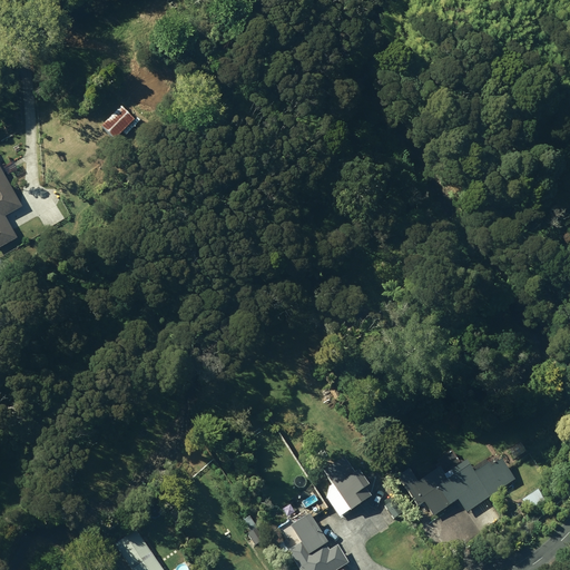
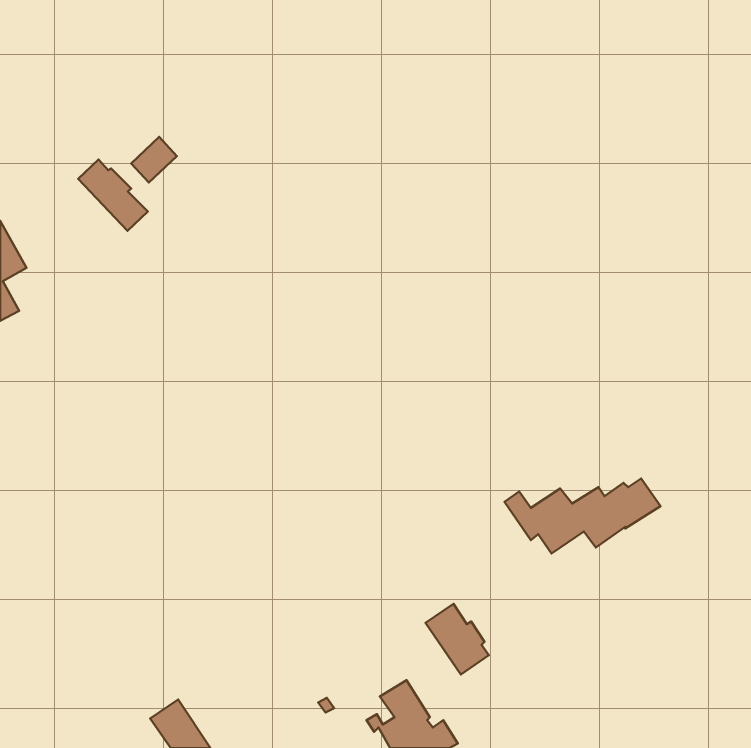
building: none -> [78,160,148,231]
building: [397,459,515,515] -> [504,478,660,553]

